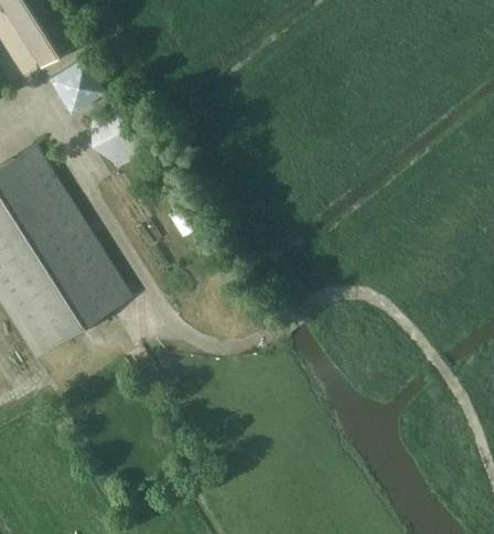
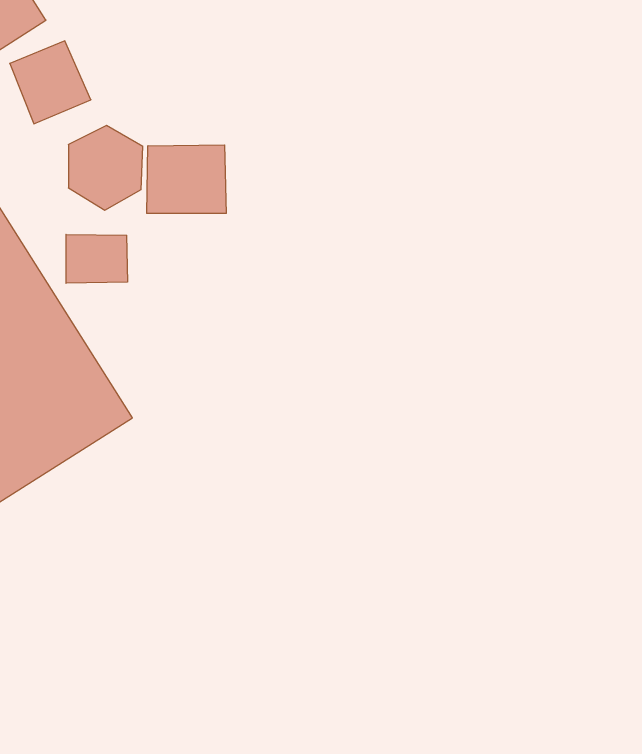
building: none -> [147,145,226,213]
building: none -> [66,234,127,283]

